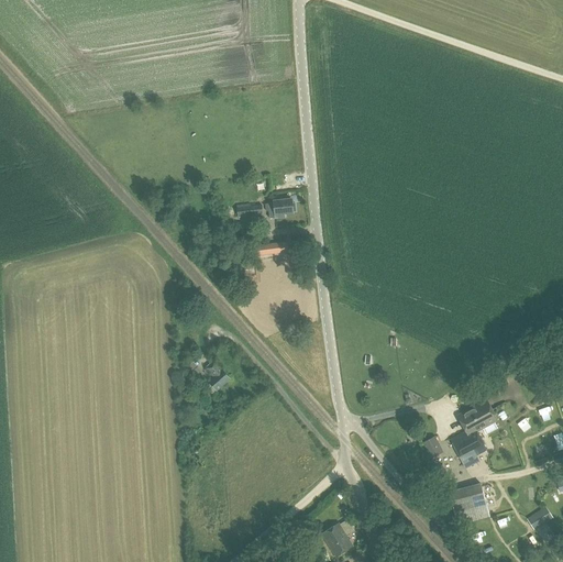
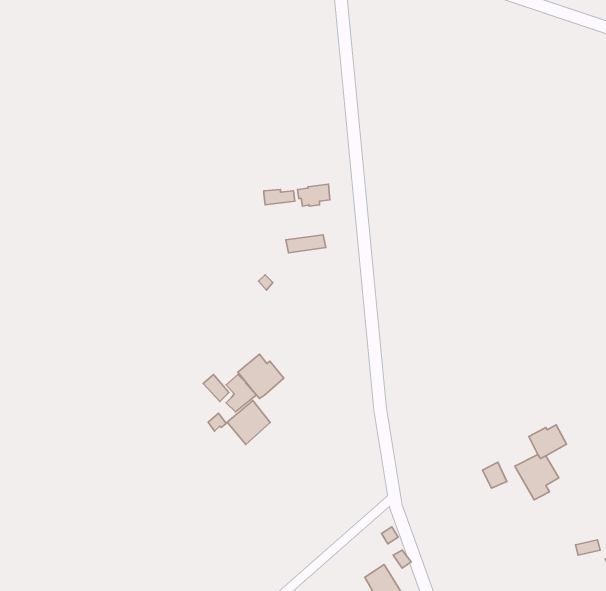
building: none -> [238,354,284,399]
building: none -> [227,401,270,445]
building: [449,482,490,525] -> none

